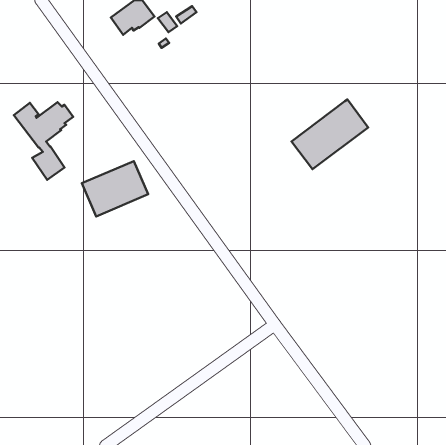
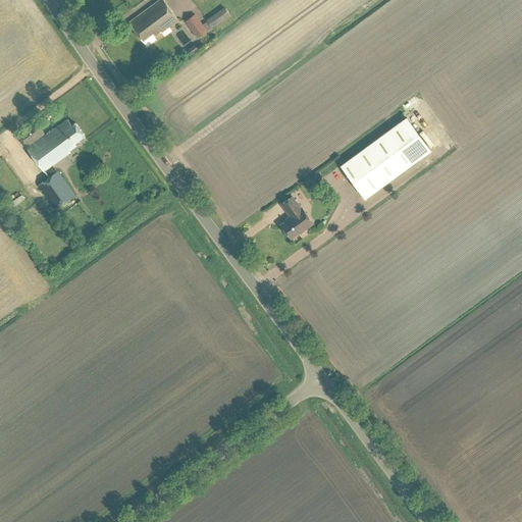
building: [82,161,148,217] -> none
building: none -> [281,197,313,239]

